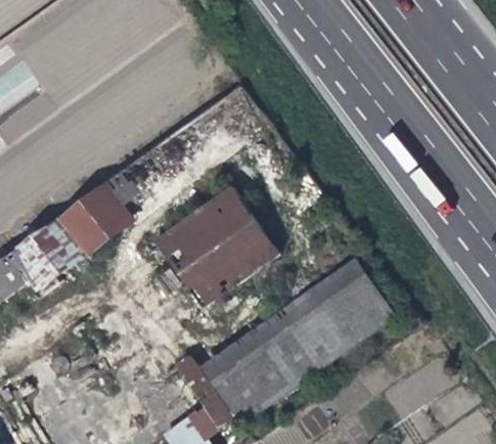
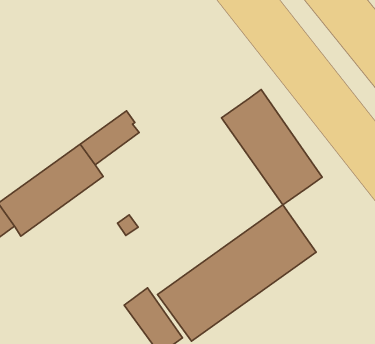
building: none -> [222,89,322,205]
building: [153,186,277,308] -> none

